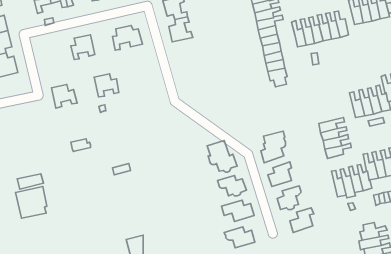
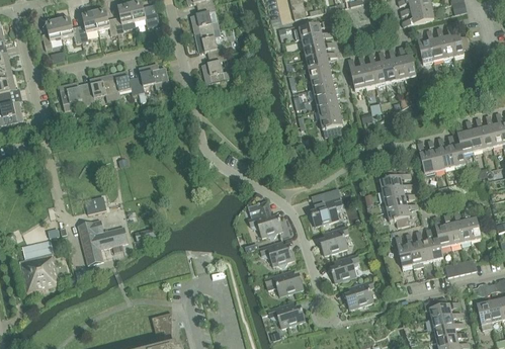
building: [94,74,119,97] -> [108,70,138,97]
building: [51,84,77,108] -> [59,81,89,109]
building: none -> [78,220,128,263]

